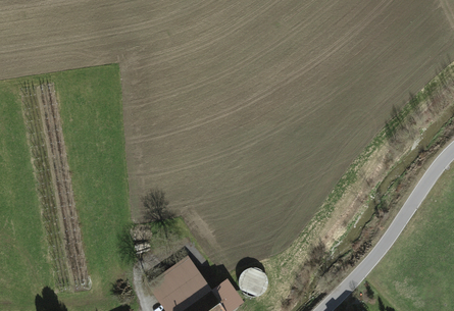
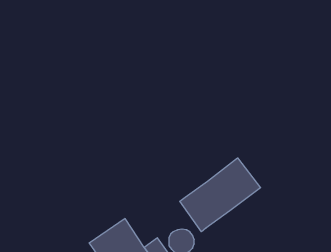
building: none -> [180,158,261,232]

